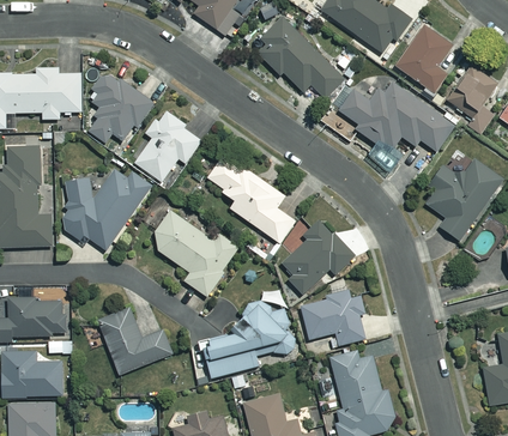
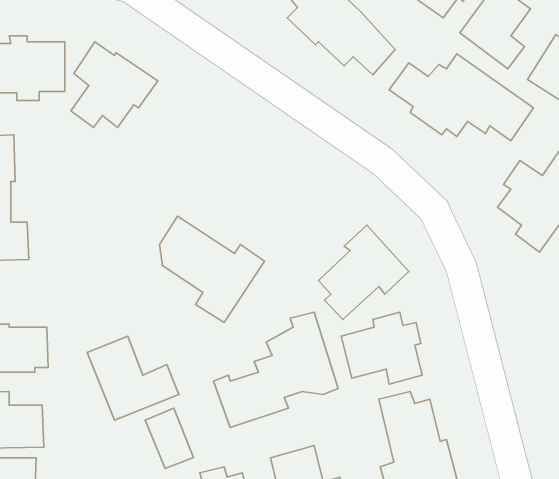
building: [135,109,201,181] -> none
building: [207,152,295,242] -> none
building: [64,166,152,249] -> none
building: none -> [145,408,194,468]

